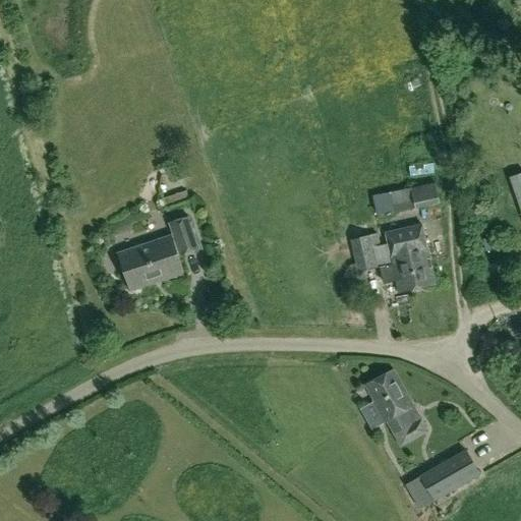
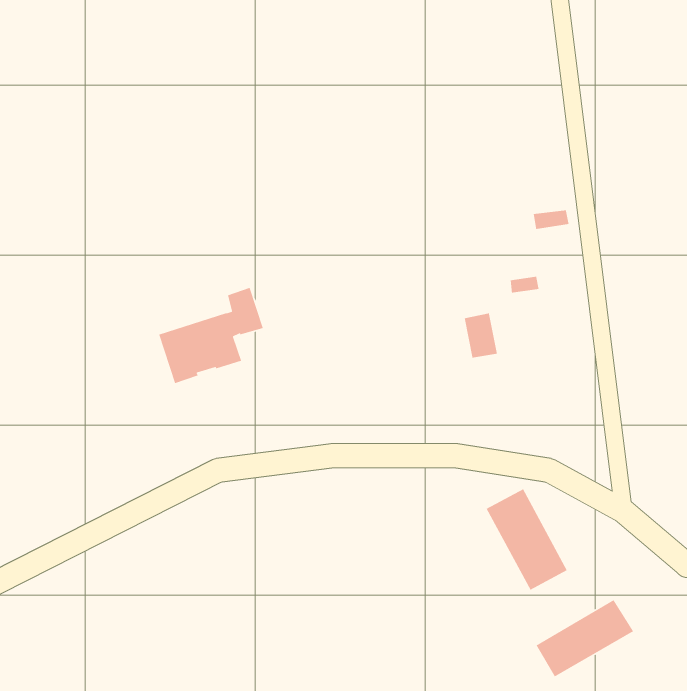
building: [388,183,437,209] -> none
building: [379,223,432,291] -> none

